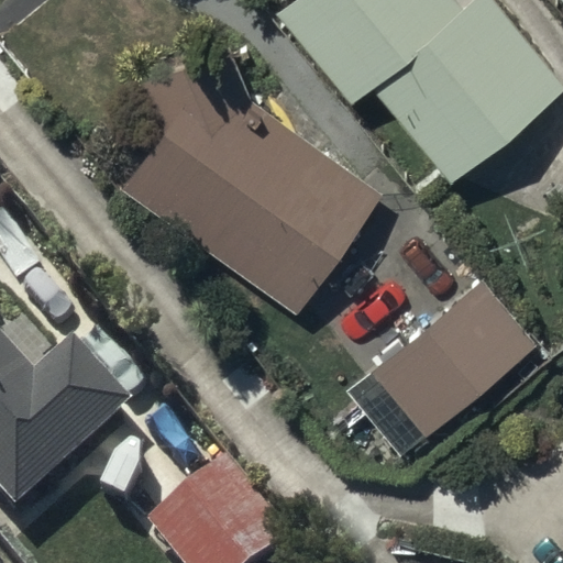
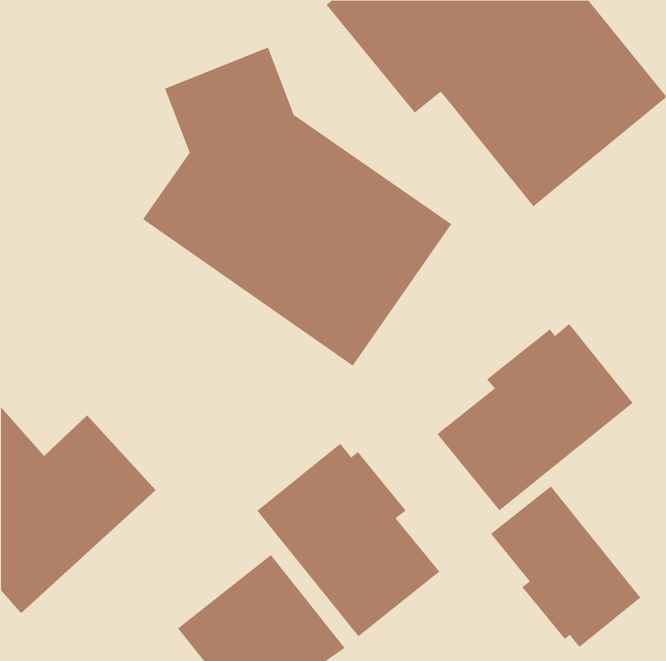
building: none -> [257,443,440,637]
building: none -> [490,485,641,648]

